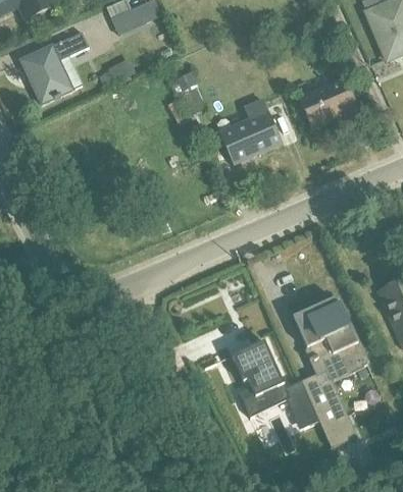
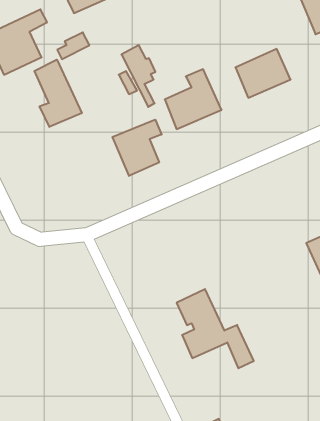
building: none -> [34,60,82,127]
building: none -> [112,120,162,176]
building: [292,296,366,446] -> none

